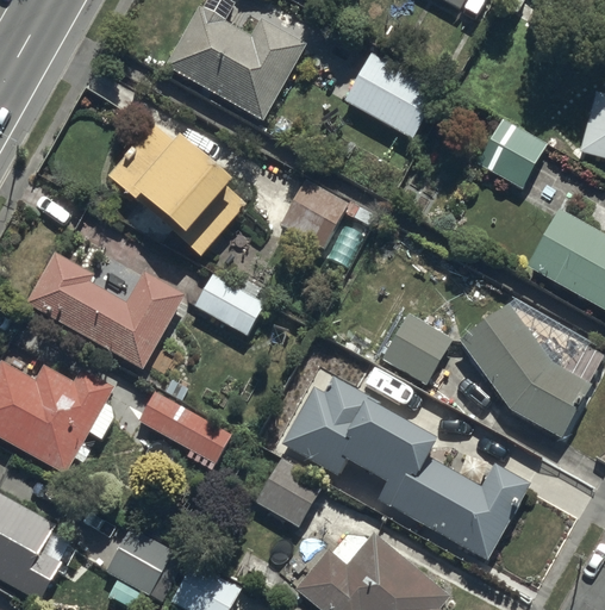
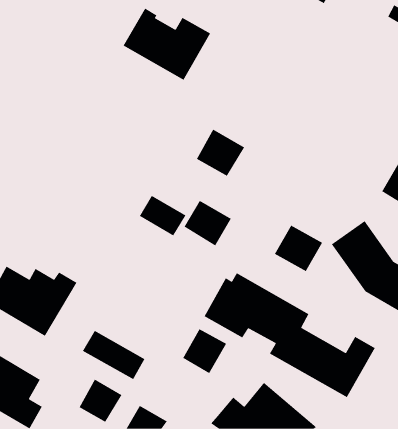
building: [348,56,436,133] -> none
building: [476,116,545,183] -> none
building: [110,124,241,250] -> none
building: [38,264,181,365] -> none
building: none -> [183,200,232,247]
building: [137,391,226,461] -> [82,330,146,380]

